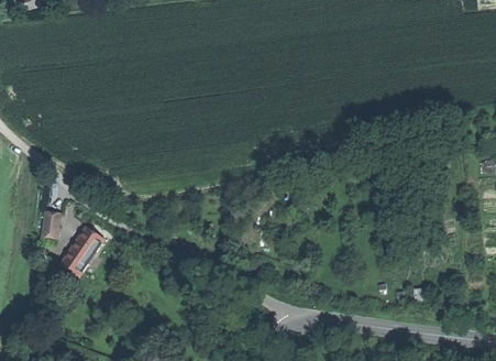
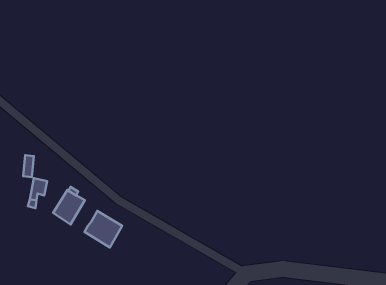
building: none -> [84,211,122,247]

